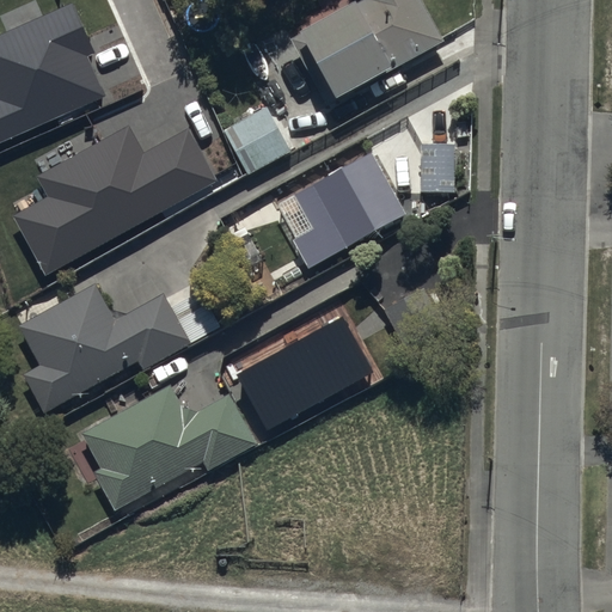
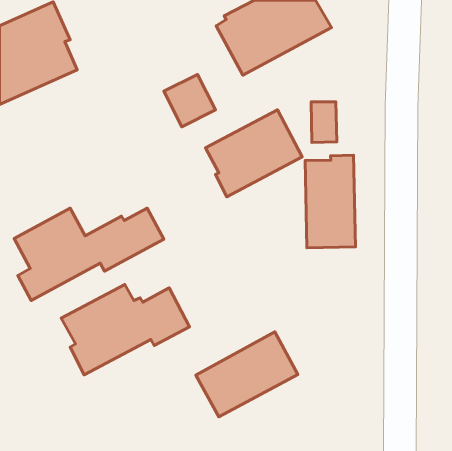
building: [12,129,218,279] -> none
building: none -> [305,155,355,248]
building: [234,319,372,434] -> [196,332,298,417]

